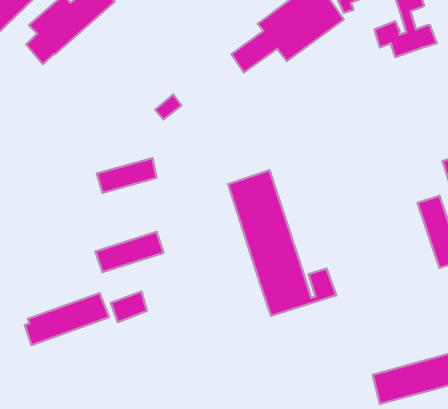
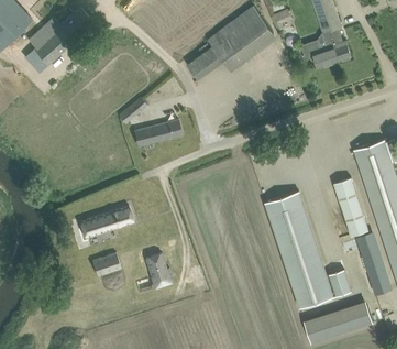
building: [97,158,157,193] -> [134,119,181,146]
building: [228,170,336,316] -> [265,192,351,307]
building: none -> [145,253,173,287]
building: [25,293,109,345] -> none

